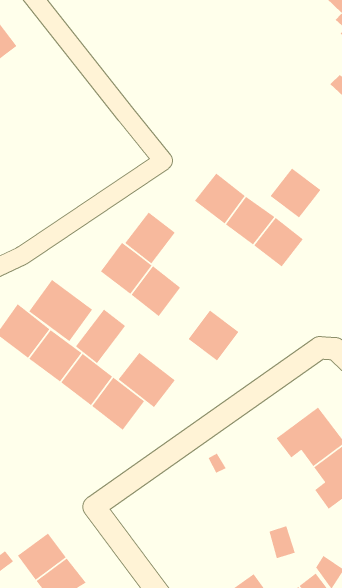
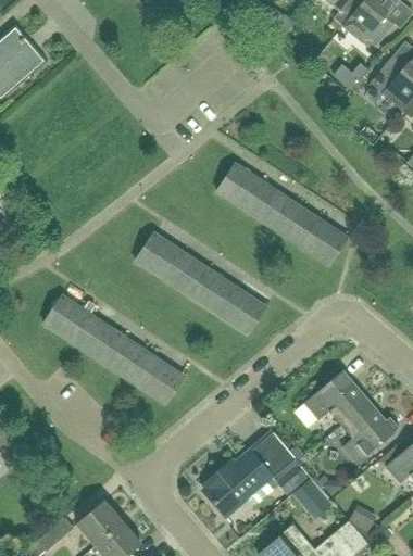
building: [270,168,321,218] -> [301,219,348,265]
building: [124,211,176,264] -> none
building: [28,279,93,342] -> none
building: none -> [192,270,238,317]
building: [75,309,126,364] -> none
building: [117,352,176,408] -> none
building: none -> [203,431,306,517]

